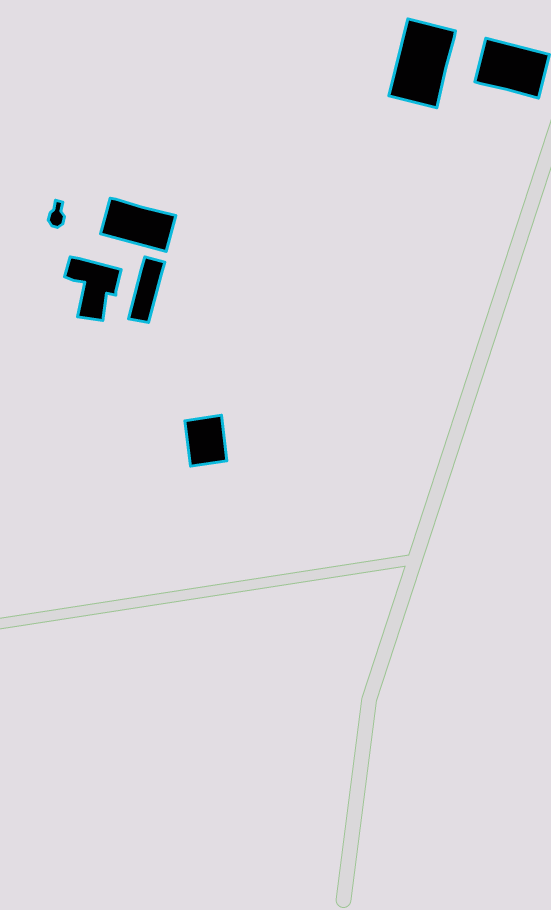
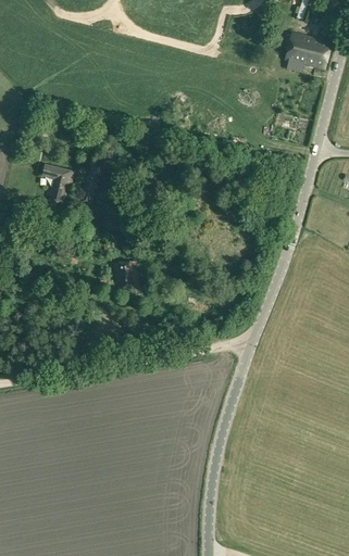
building: [389,19,455,108] -> none
building: [100,198,176,251] -> none

